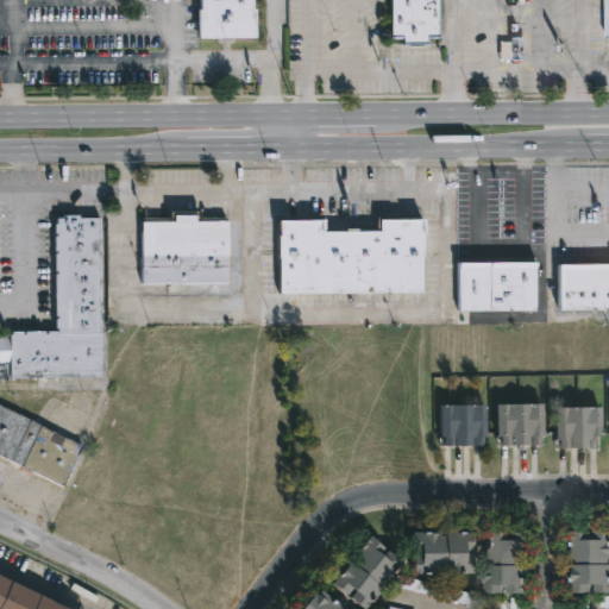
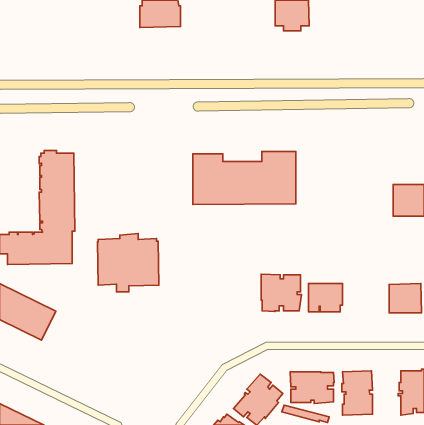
building: [139,209,227,293] -> [97,234,159,292]
building: [456,260,535,310] -> none
building: none -> [261,274,301,312]
building: [498,404,544,446] -> none

